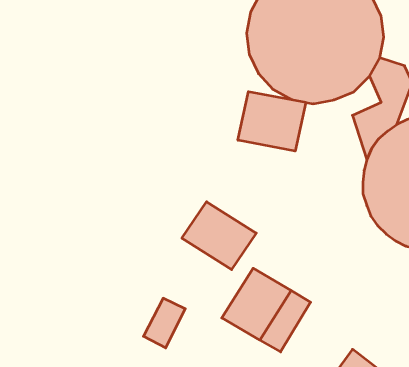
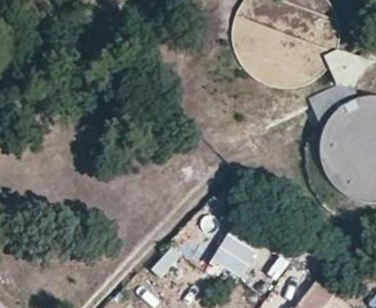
building: [238,92,306,151] -> none
building: [182,202,256,270] -> none

